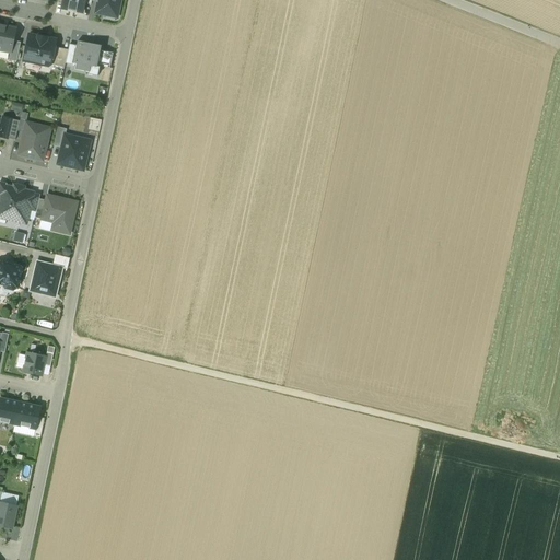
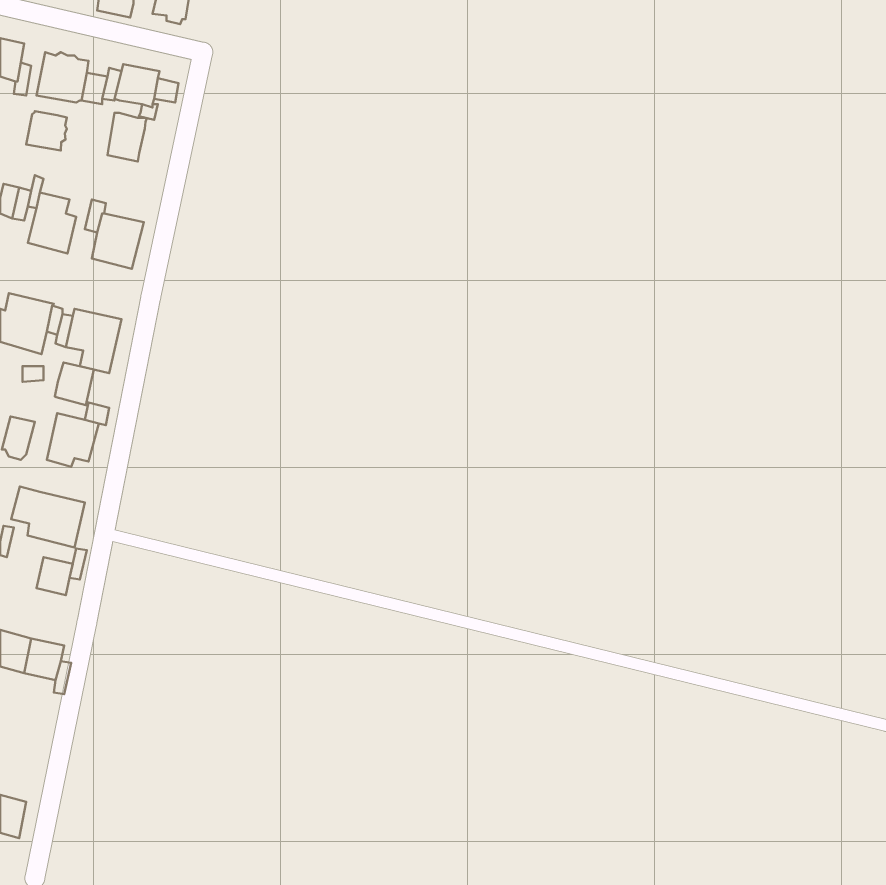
building: none -> [26,111,67,151]
building: none -> [107,113,147,162]
building: none -> [55,363,94,405]
building: none -> [11,486,85,547]

